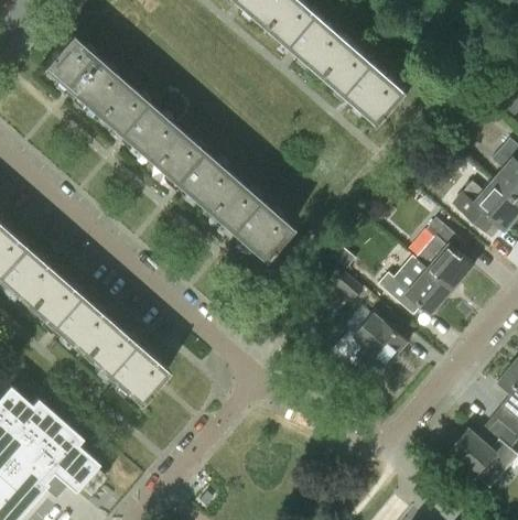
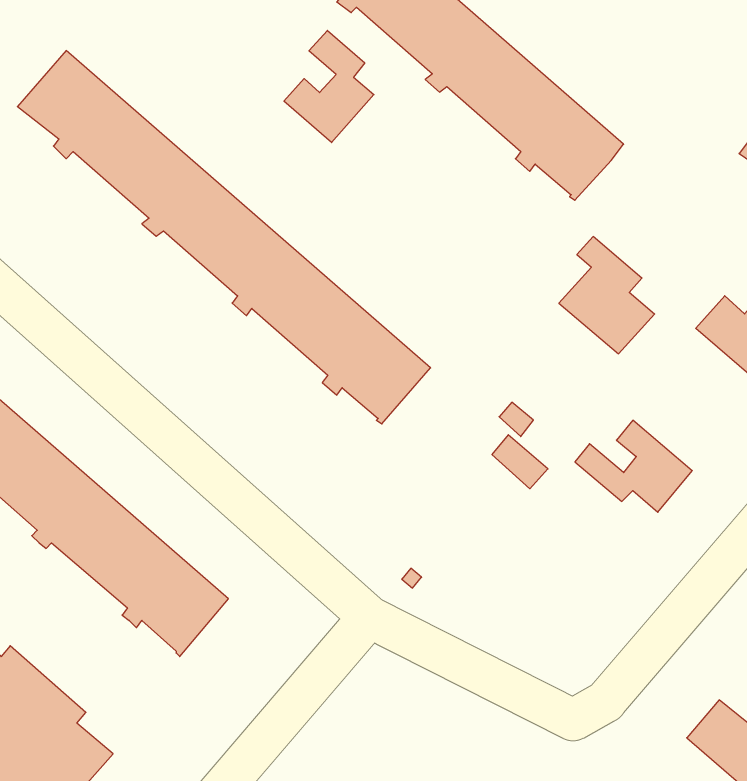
building: none -> [284,30,374,143]
building: [414,218,473,290] -> [559,237,655,354]
building: [334,316,406,373] -> none

